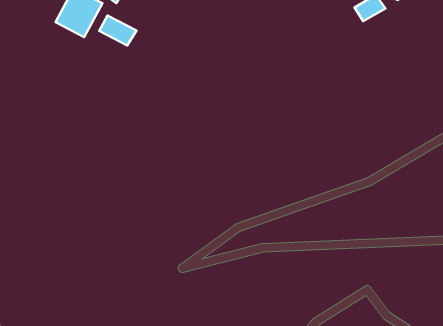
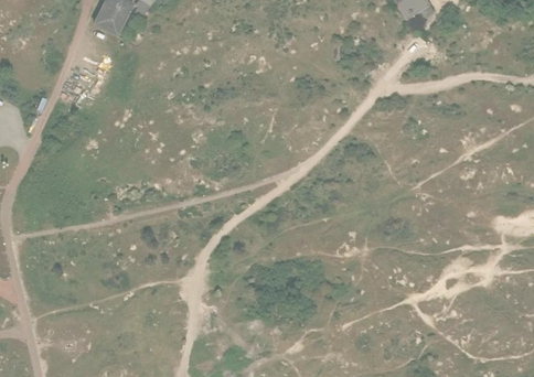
building: [99,16,137,45] -> none

